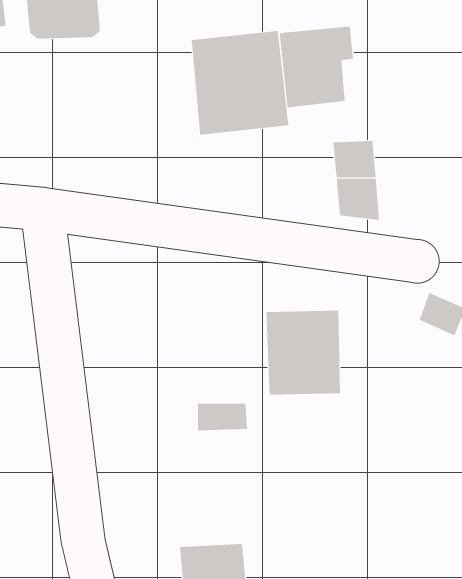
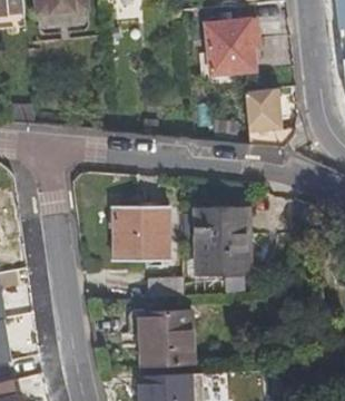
building: [191,30,289,136] -> none
building: none -> [111,206,168,260]
building: none -> [132,307,199,364]

